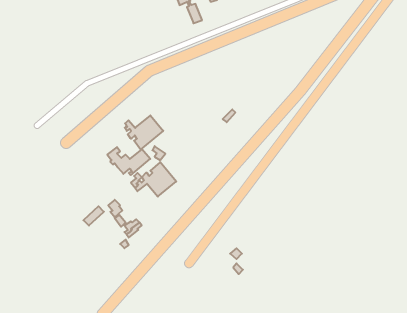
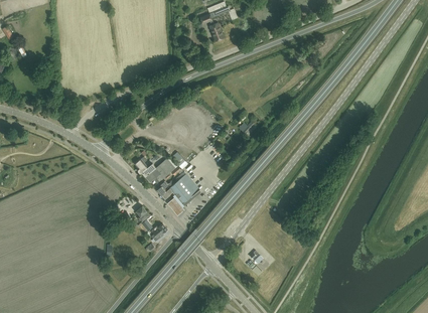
building: [125,115,163,150] -> none

